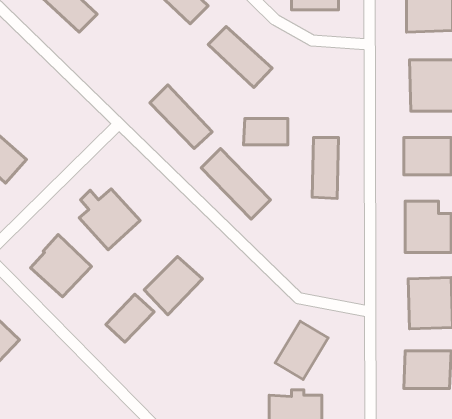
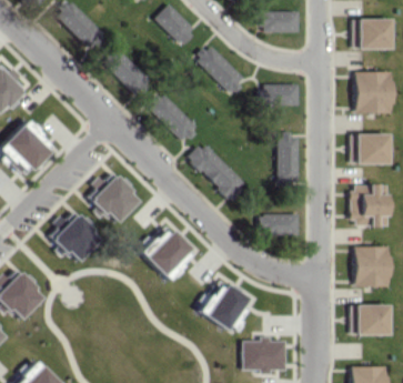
building: none -> [104,49,153,98]
building: [243,118,288,145] -> [263,84,299,105]
building: none -> [260,214,299,235]
building: [106,294,154,342] -> none
building: [275,321,328,379] -> [204,284,246,331]

